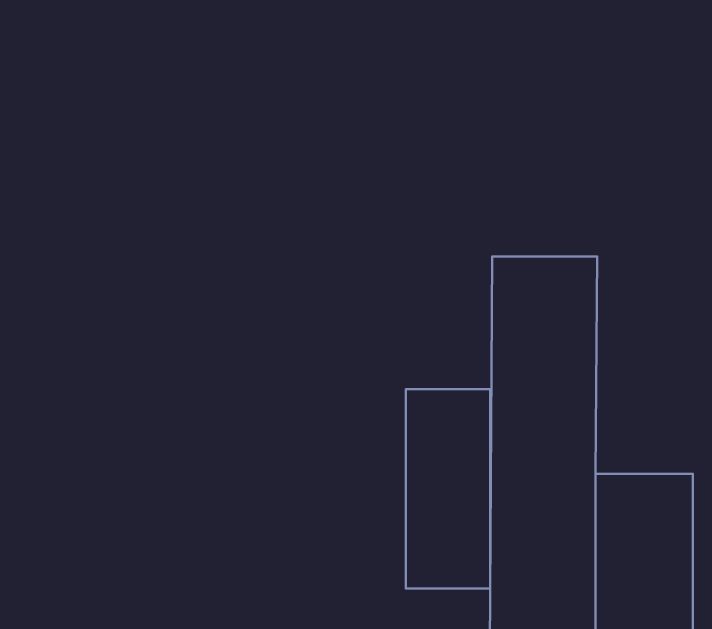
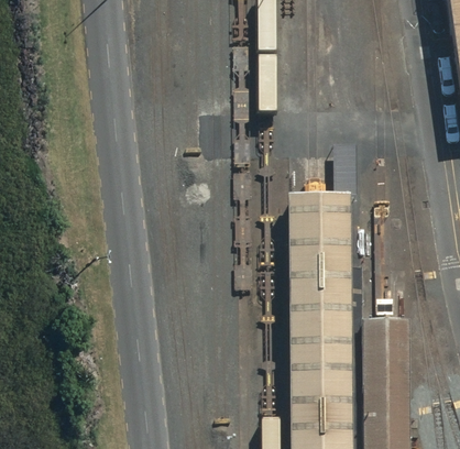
building: [406,389,490,589] -> none

